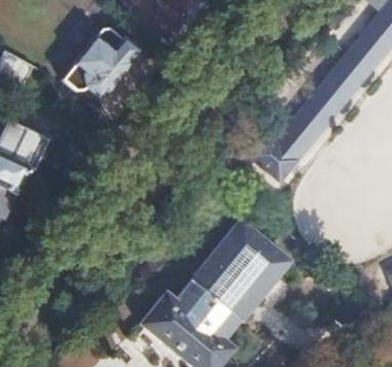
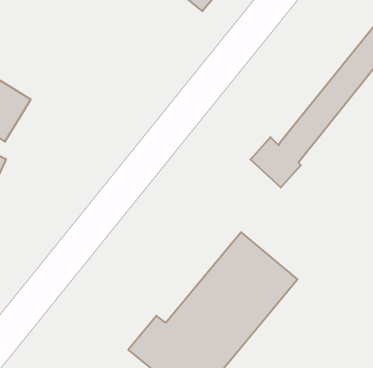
building: [64,27,140,95] -> none

